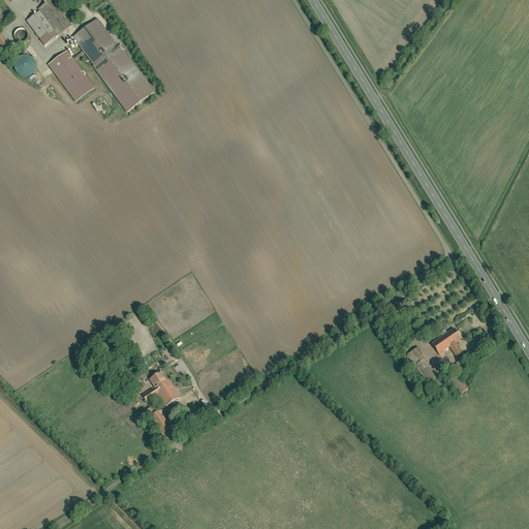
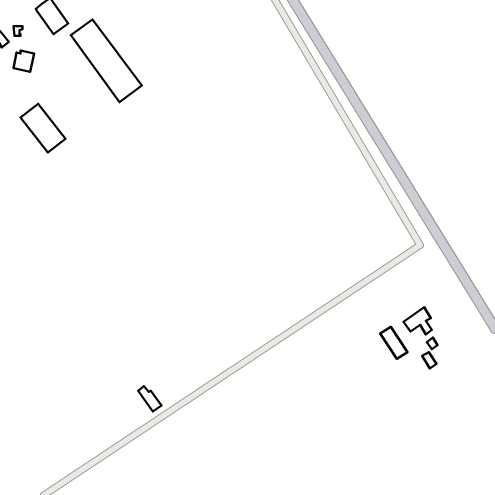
building: [27,11,57,44] -> none
building: [46,49,94,100] -> [21,104,65,153]
building: [141,371,176,404] -> none

